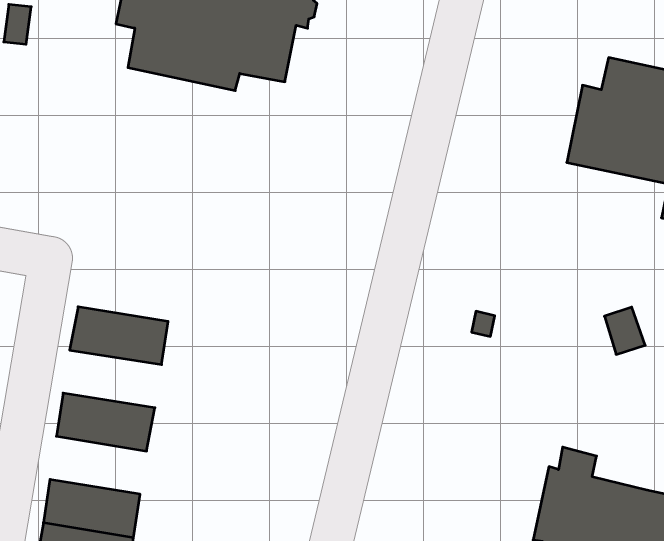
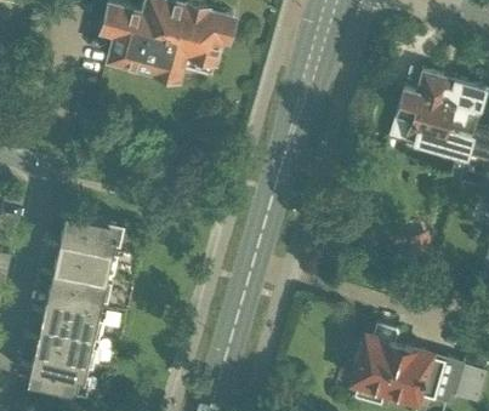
building: none -> [52,241,118,282]
building: none -> [40,297,104,338]

